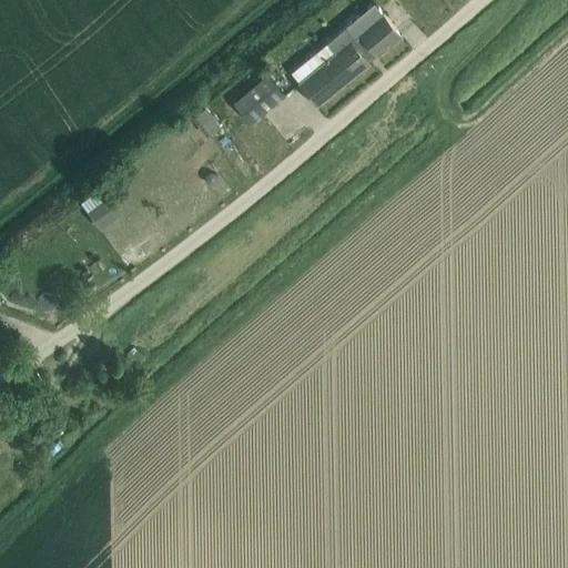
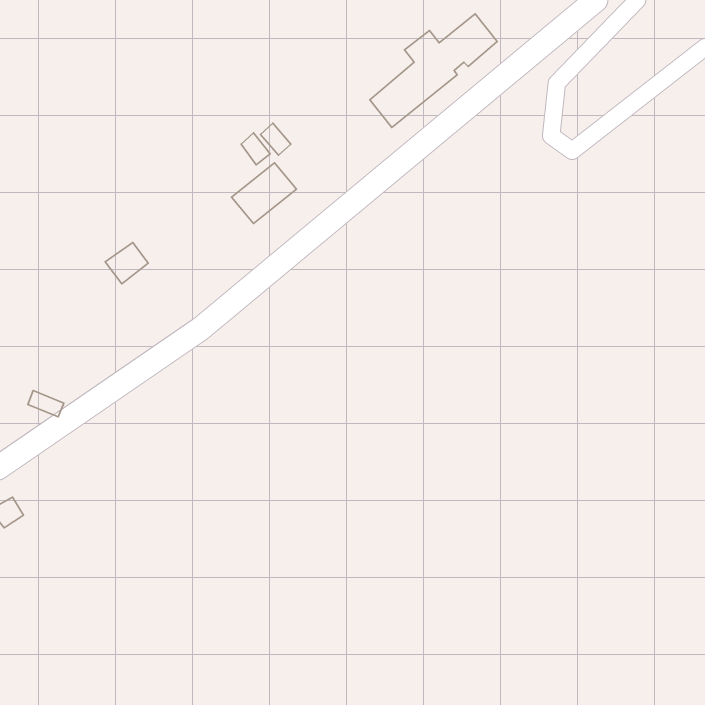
building: [231,75,283,124] -> [231,163,297,224]

